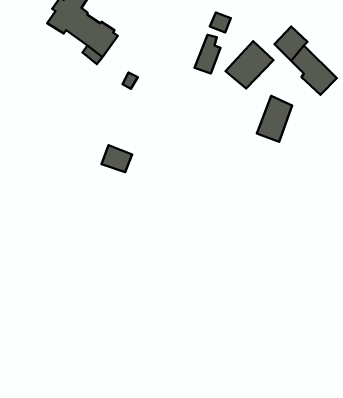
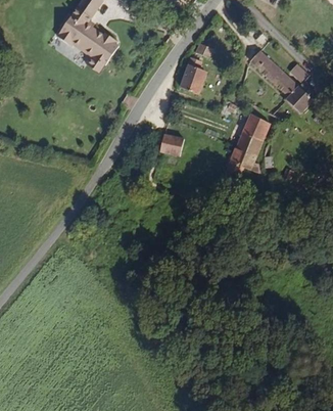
building: [225,41,273,89] -> none
building: none -> [232,140,258,178]
building: [102,145,132,172] -> [160,135,187,158]

